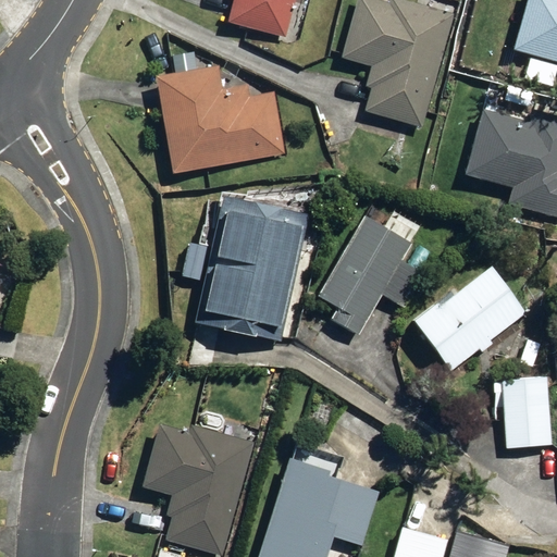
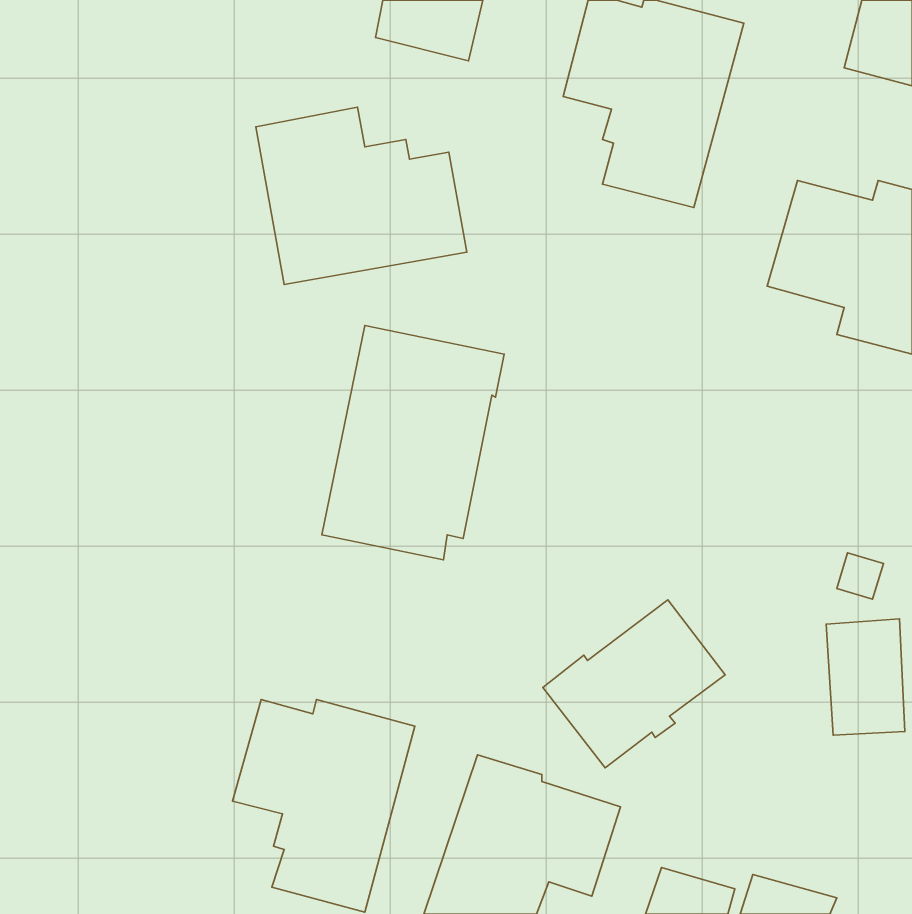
building: [319,218,422,334] -> none
building: [413,269,524,371] -> [543,600,725,768]

